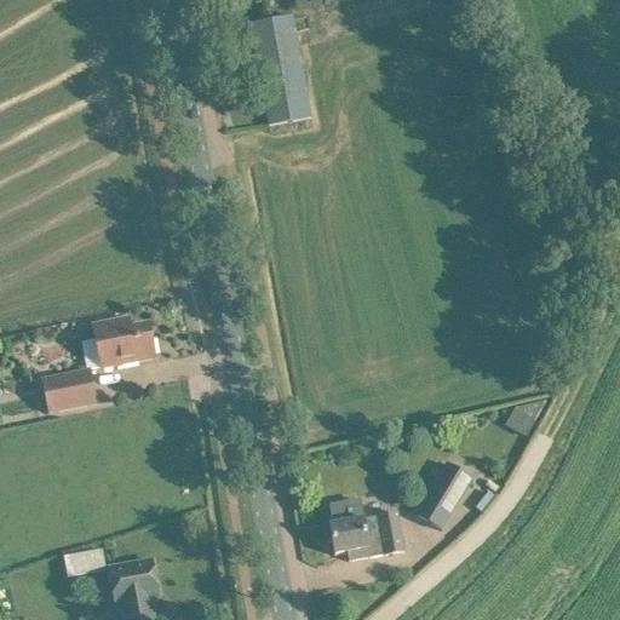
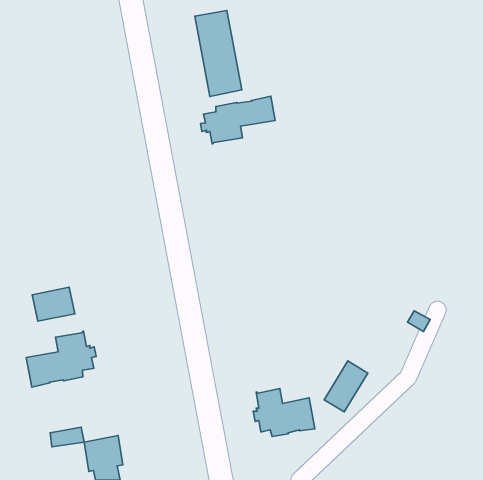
building: none -> [200,96,275,144]
building: [92,316,154,367] -> none
building: none -> [26,331,96,387]

